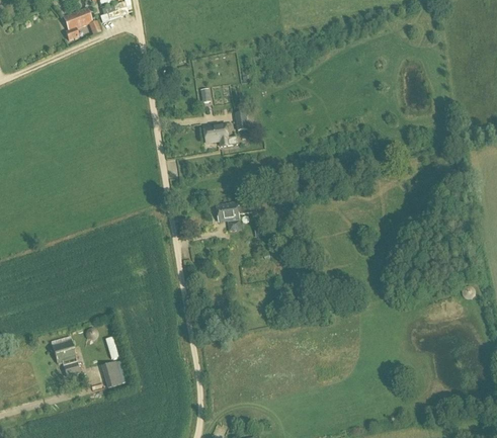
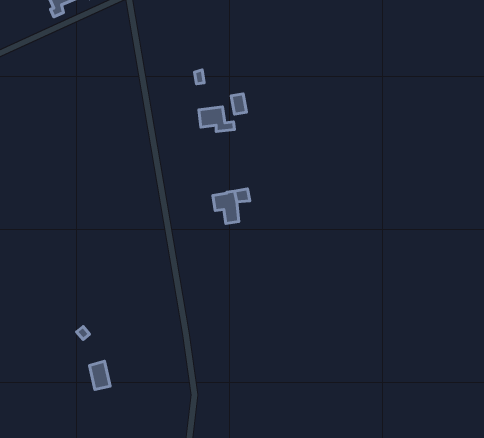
building: [53,339,80,375] -> none

